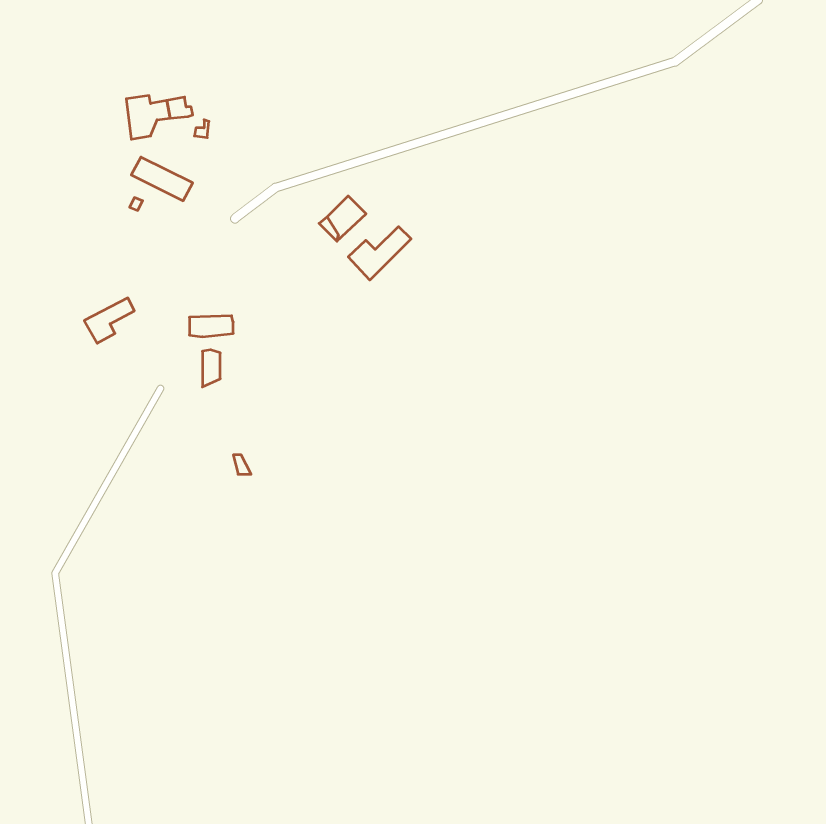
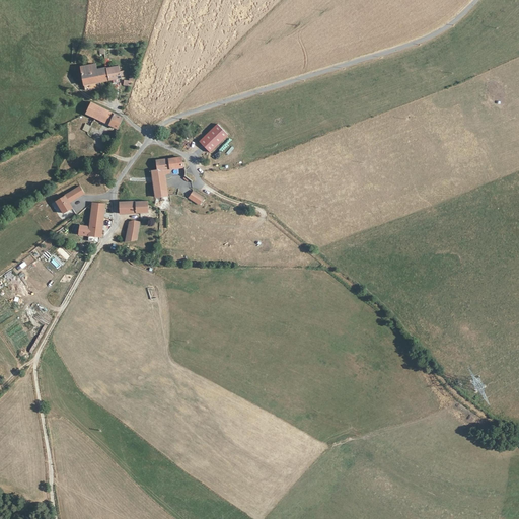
building: [348,227,411,280] -> none
building: none -> [151,156,181,196]
building: none -> [75,201,101,235]

